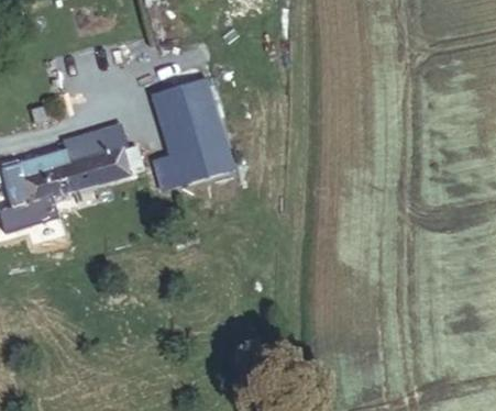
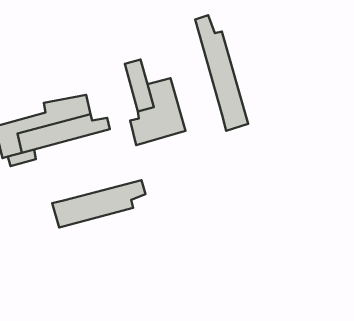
building: none -> [195,15,248,131]
building: none -> [52,180,146,227]

